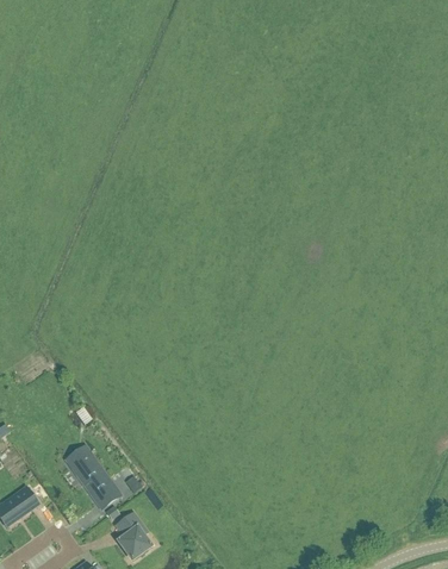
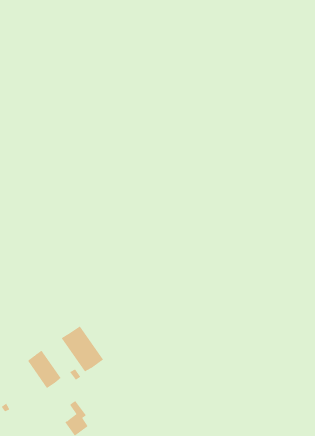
building: none -> [61,326,104,372]

